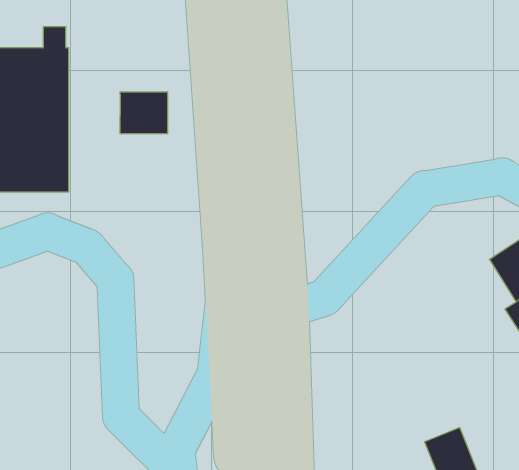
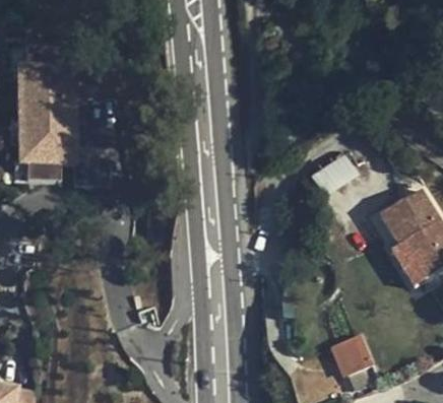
building: [120,92,168,134] -> none

